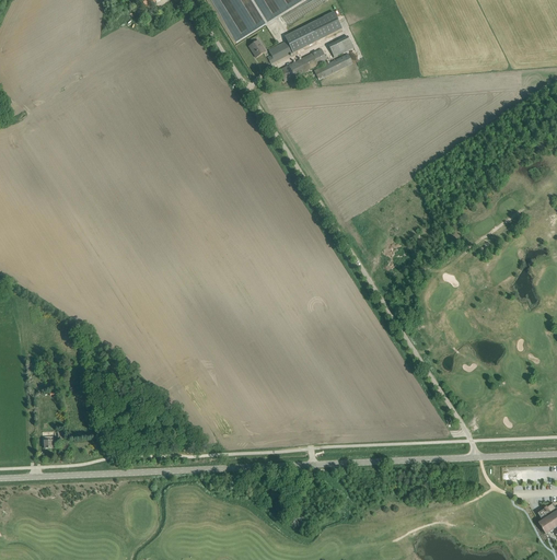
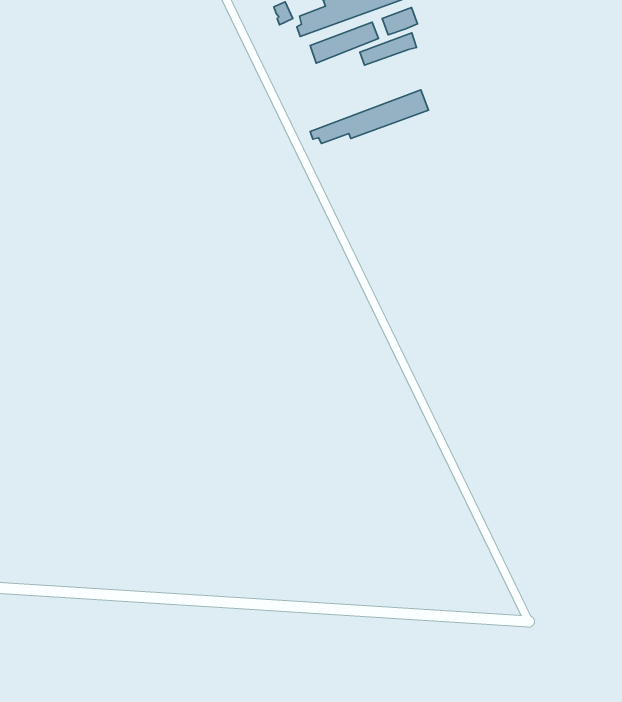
building: none -> [310,90,428,144]

